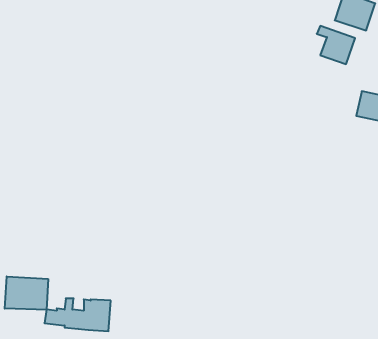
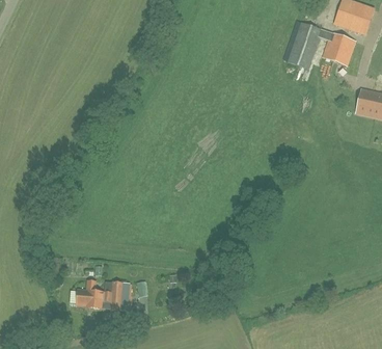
building: none -> [286,22,322,69]
building: [5,276,48,310] -> none

